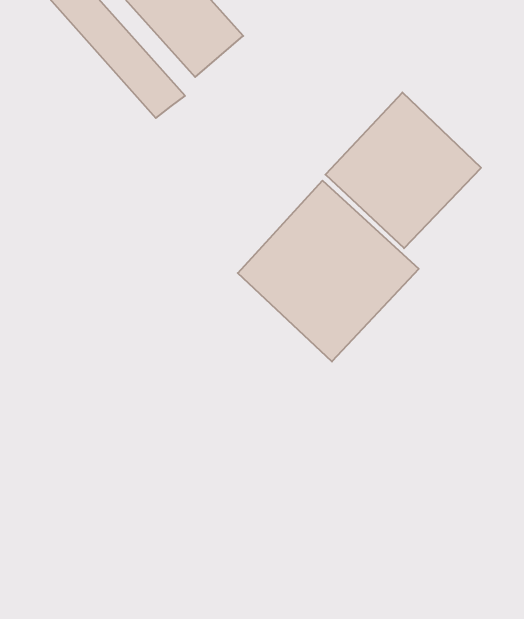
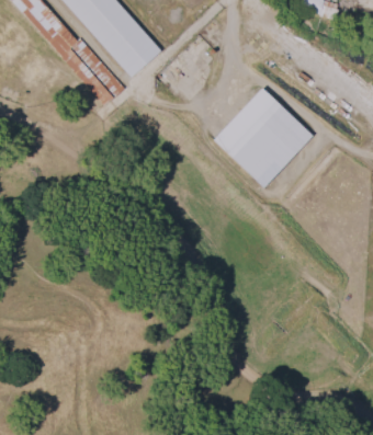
building: [238,181,419,362] -> none

